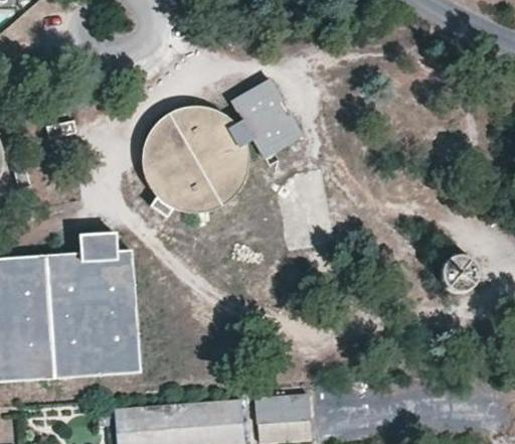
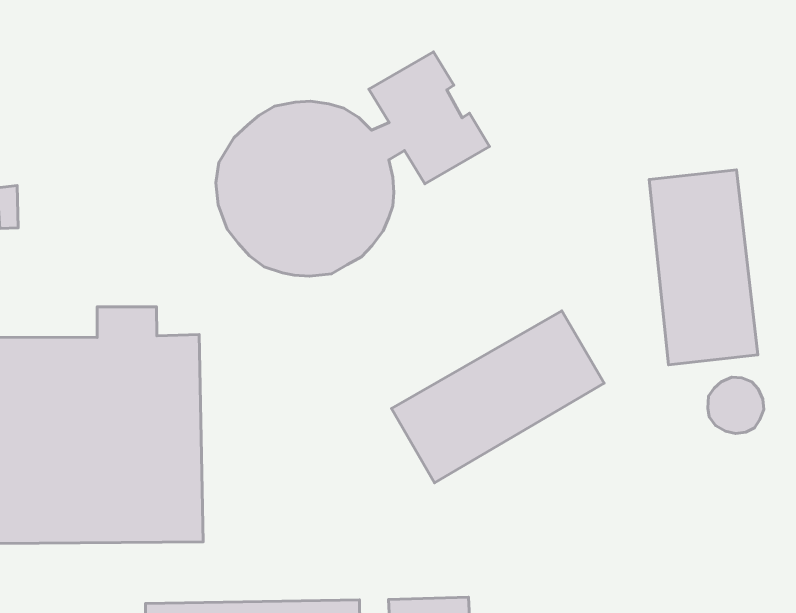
building: none -> [649,170,758,365]
building: none -> [392,311,604,483]

